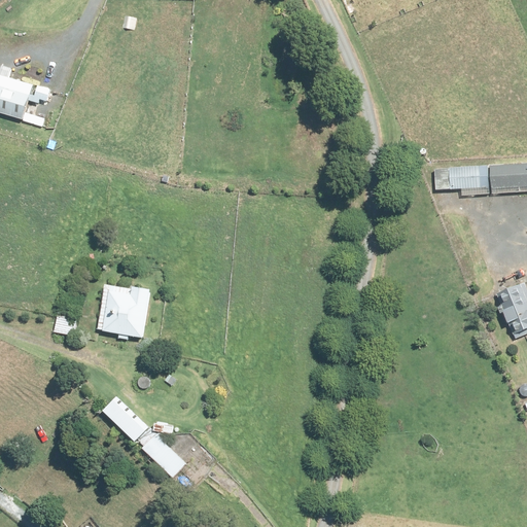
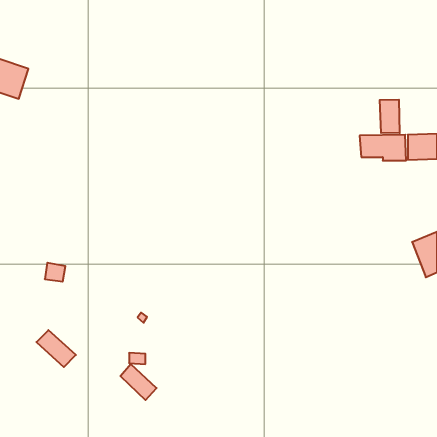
building: none -> [380,100,400,133]
building: [99,286,153,340] -> none
building: [105,400,152,445] -> [36,330,76,367]

